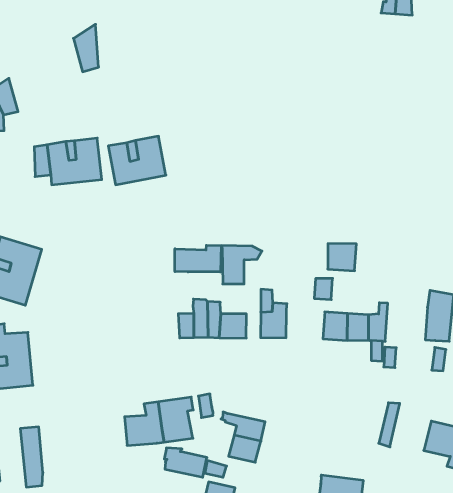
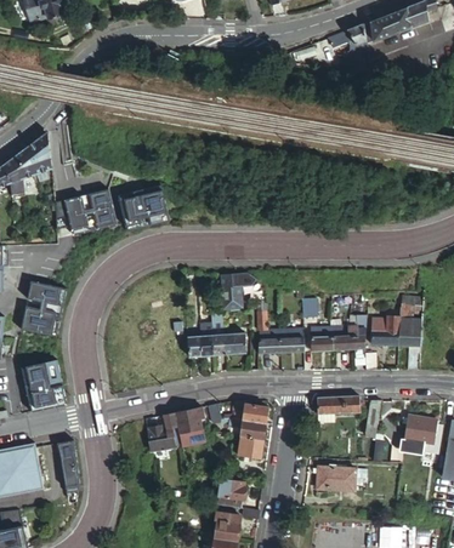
building: [73,24,99,72] -> [29,131,52,172]
building: [328,244,356,271] -> [279,327,303,350]
building: [175,245,221,272] -> none
building: none -> [371,315,399,346]
building: none -> [317,394,365,423]
building: [164,448,207,477] -> [233,400,269,423]

